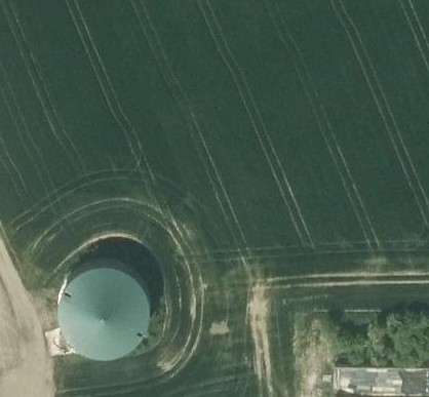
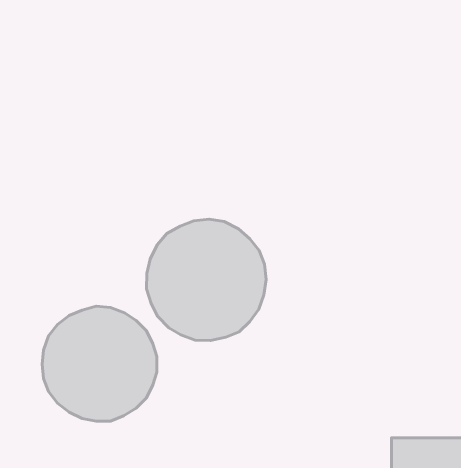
building: none -> [147,219,266,341]

